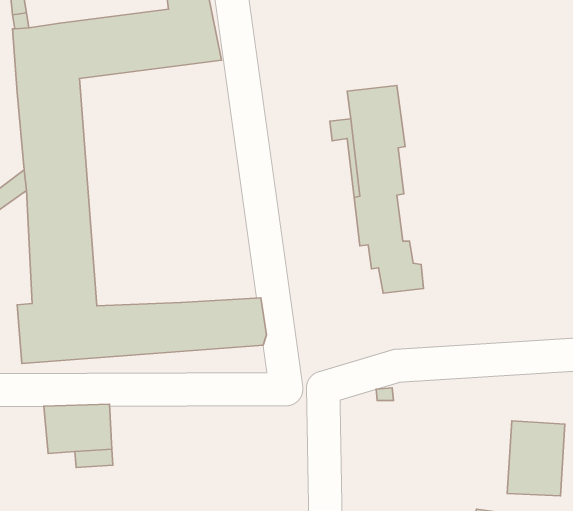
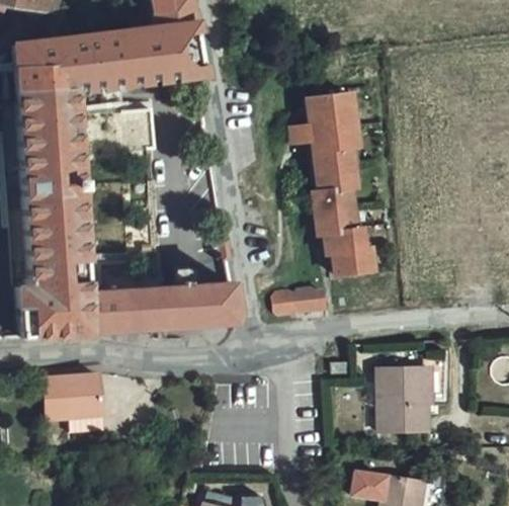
building: none -> [276,289,328,316]
building: [507,421,565,496] -> [378,368,429,434]

